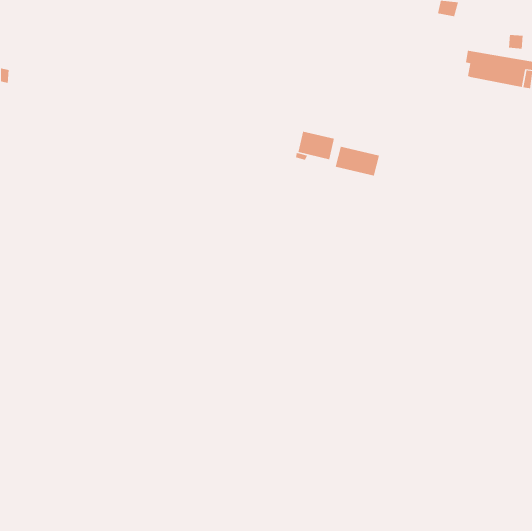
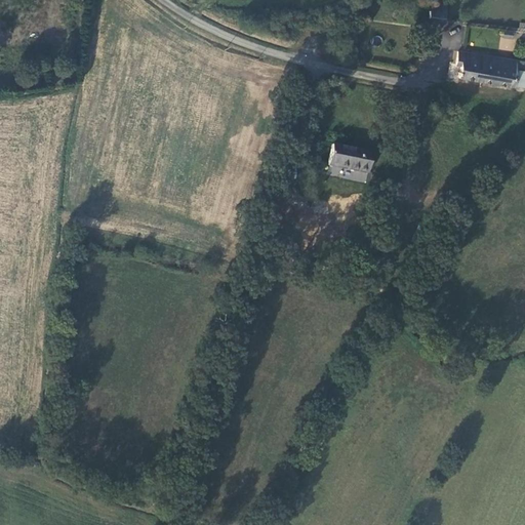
building: [298,131,335,160] -> none

